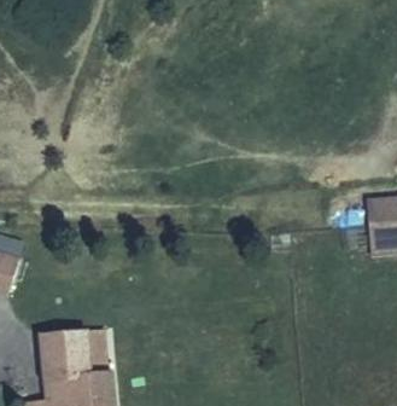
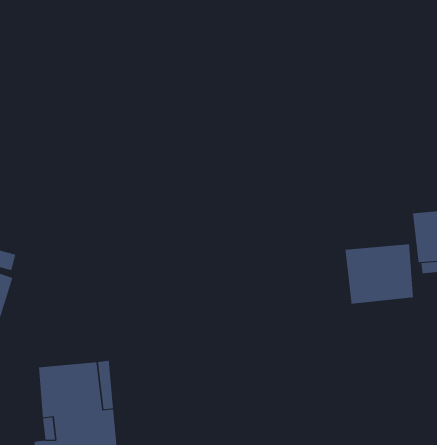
building: none -> [345,244,414,305]

